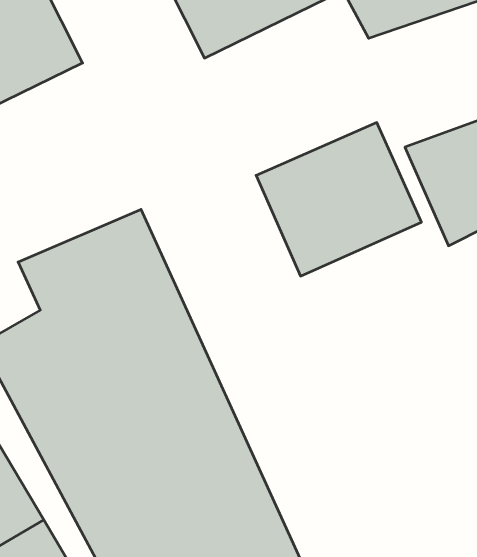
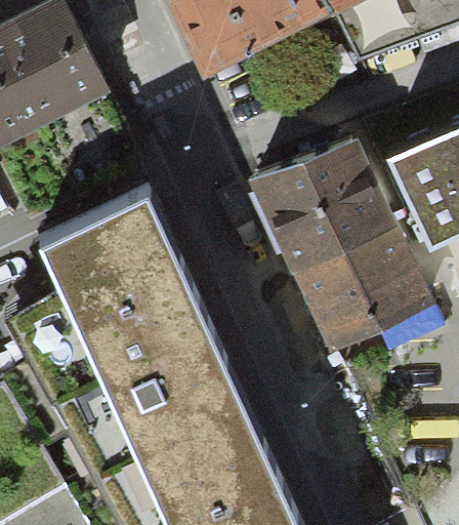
building: none -> [292,218,435,350]

